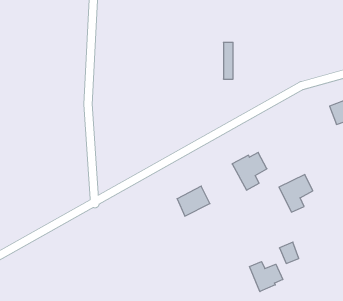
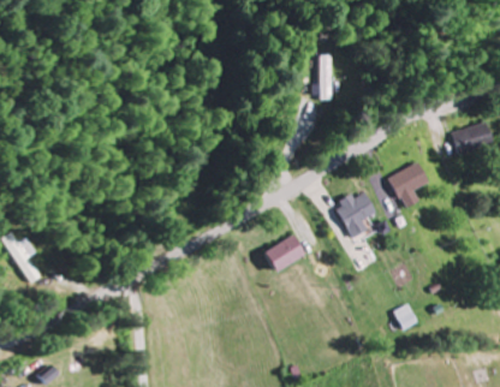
building: [279,175,313,212] -> [389,161,431,208]
building: [250,262,283,292] -> none

